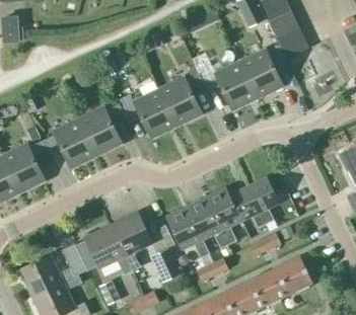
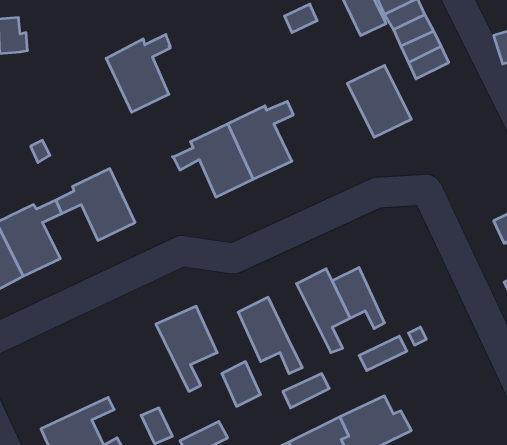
building: [203,61,259,109] -> none
building: [79,102,123,155] -> [106,34,170,112]
building: [248,176,280,223] -> none
building: [187,196,229,247] -> none
building: [85,224,133,273] -> none
building: [19,243,87,295] -> none
building: [266,255,313,296] -> none

